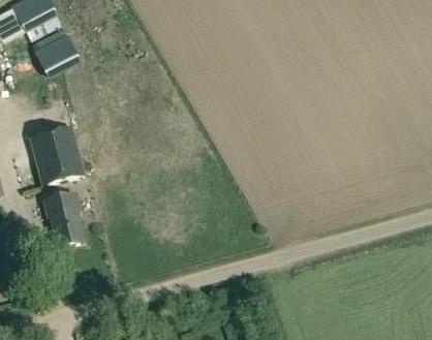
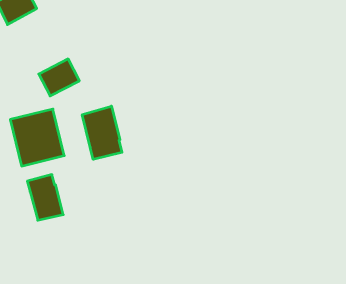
building: [36,35,81,75] -> [39,59,79,96]
building: none -> [82,106,122,159]

